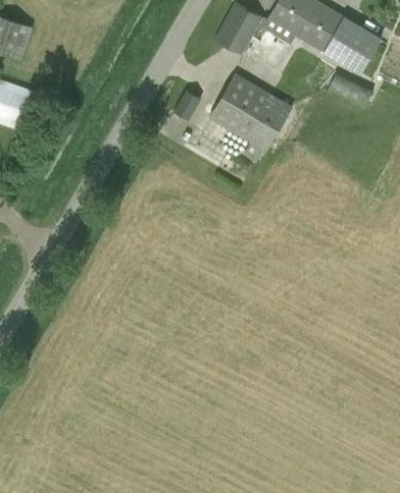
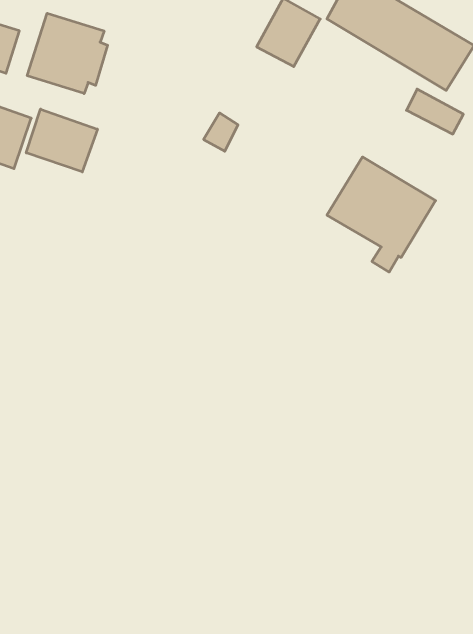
building: none -> [27,13,108,94]
building: [208,73,292,162] -> [327,157,436,272]
building: none -> [26,109,97,172]

